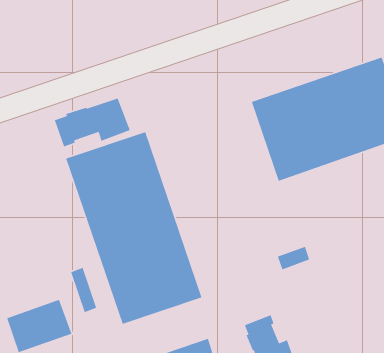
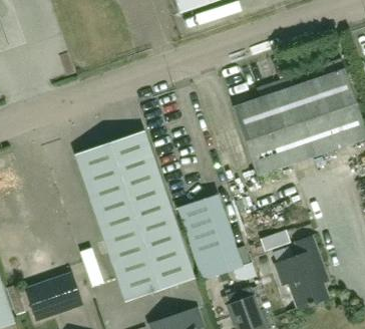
building: [54,97,131,148] -> none
building: none -> [177,195,240,277]
building: none -> [276,238,326,308]

